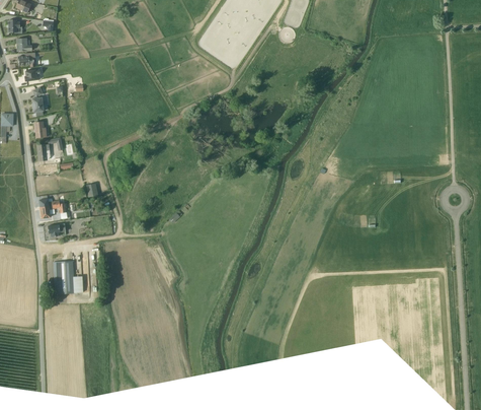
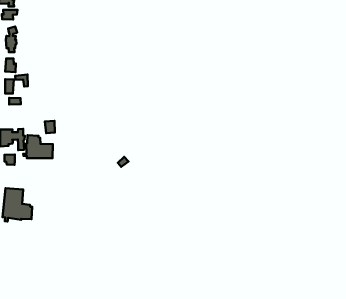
building: none -> [23,135,53,158]

